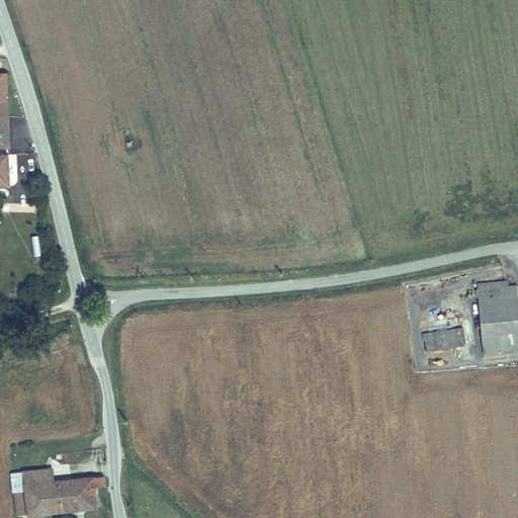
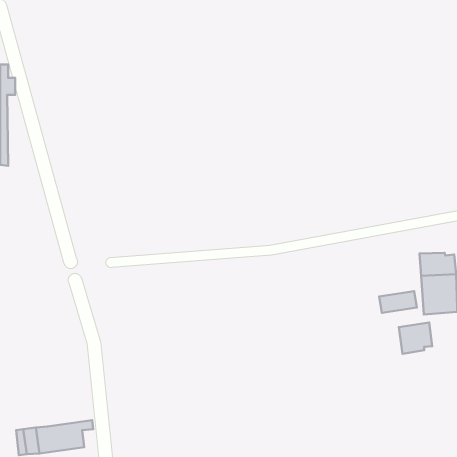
building: none -> [399,323,432,354]
building: [25,467,54,485] -> none

